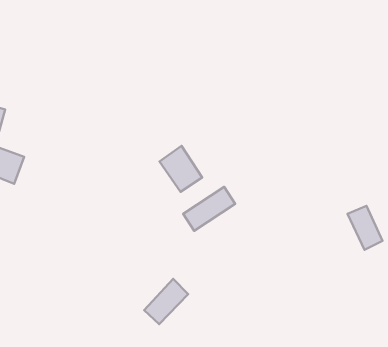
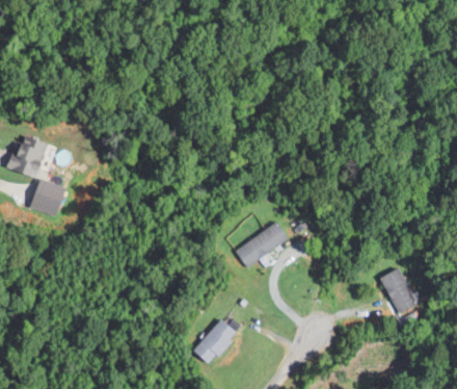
building: [159,146,202,192] -> none
building: [347,206,382,250] -> [377,269,413,315]

